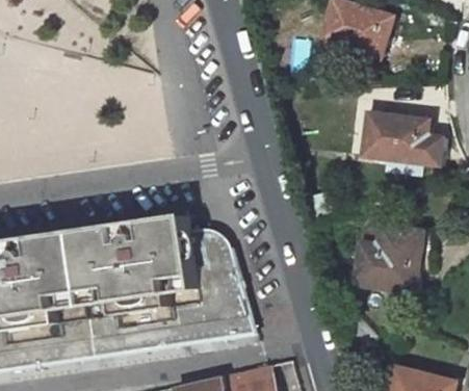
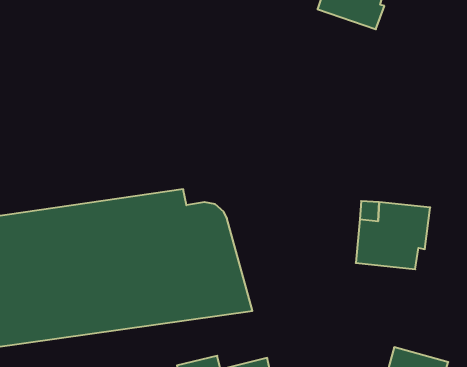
building: [363,113,443,165] -> none

